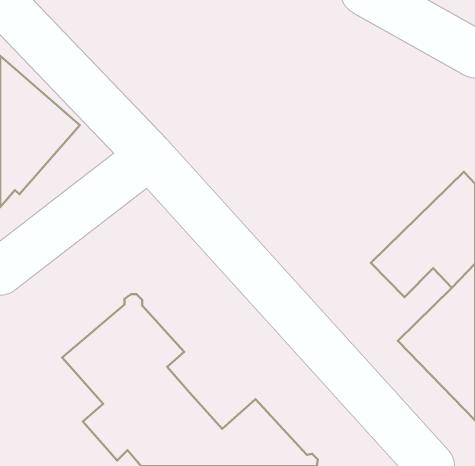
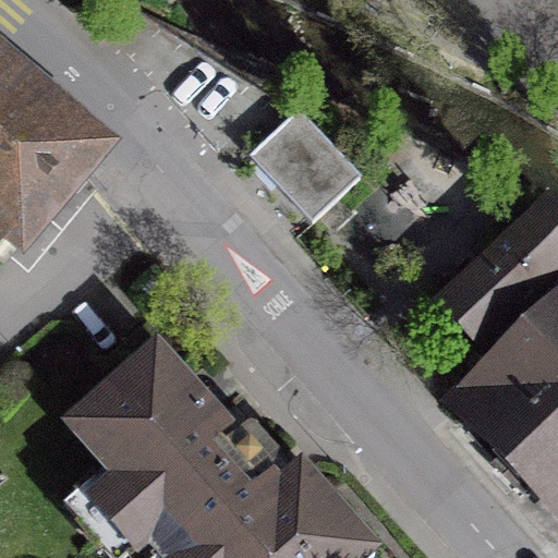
building: none -> [252,107,360,215]

